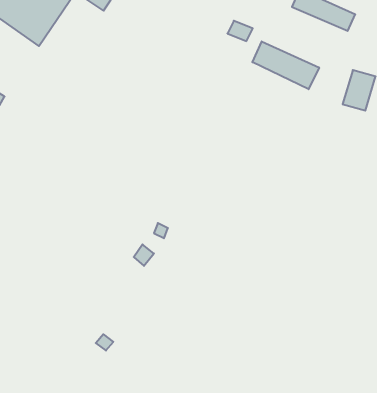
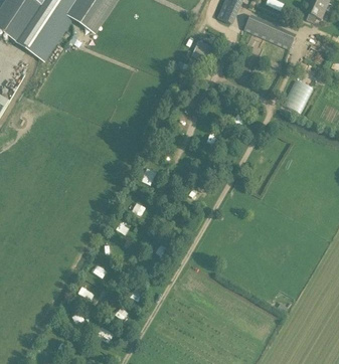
building: [252,41,319,89] -> none

